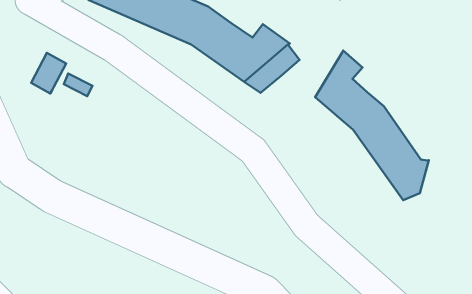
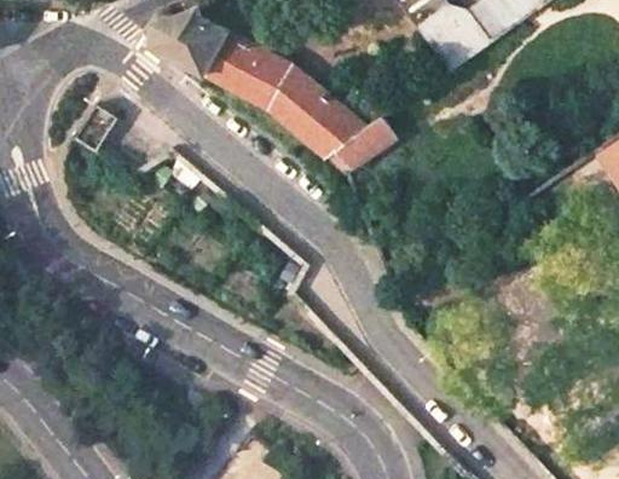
building: [315,51,429,200] -> none

